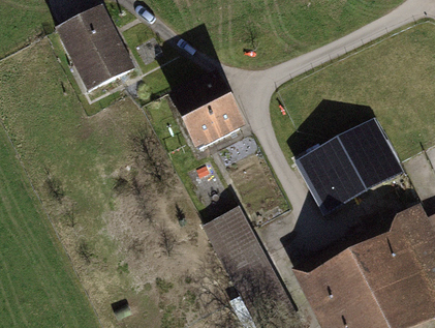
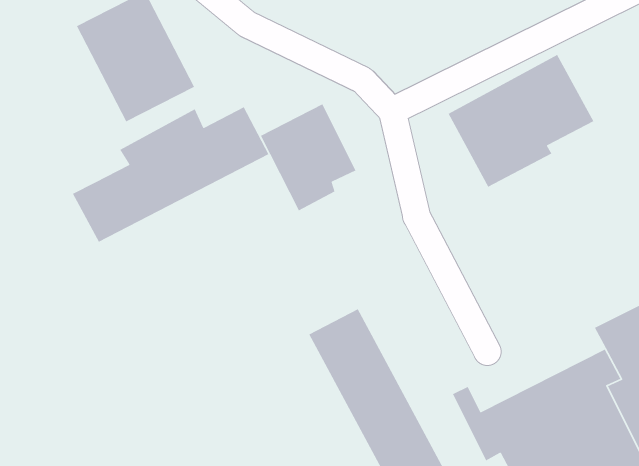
building: none -> [72,106,270,243]
building: [300,125,394,211] -> [448,54,595,188]

